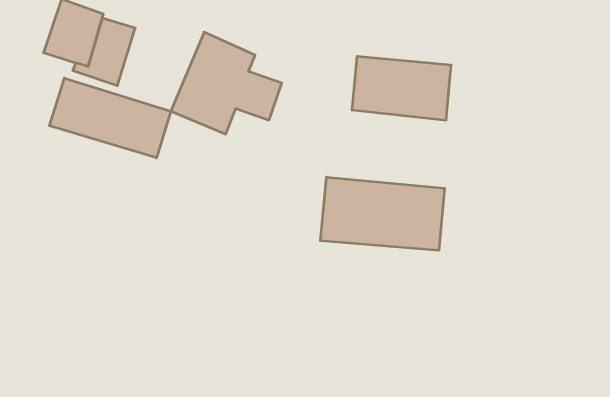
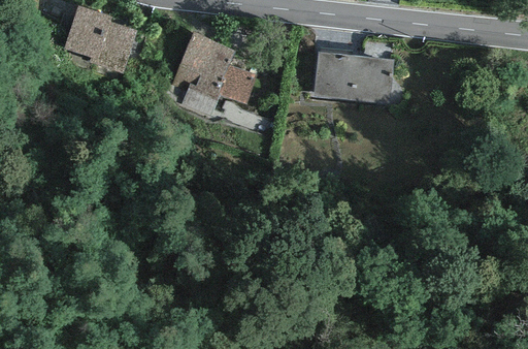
building: [49,78,171,158] -> none
building: [320,177,445,250] -> none

